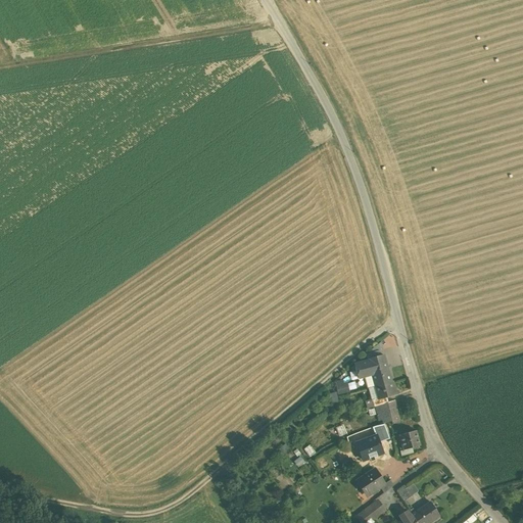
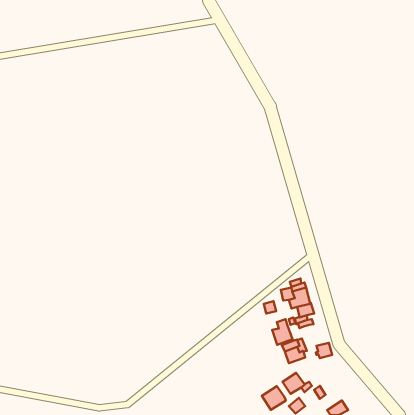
building: none -> [272,319,293,345]
building: none -> [262,386,286,410]

